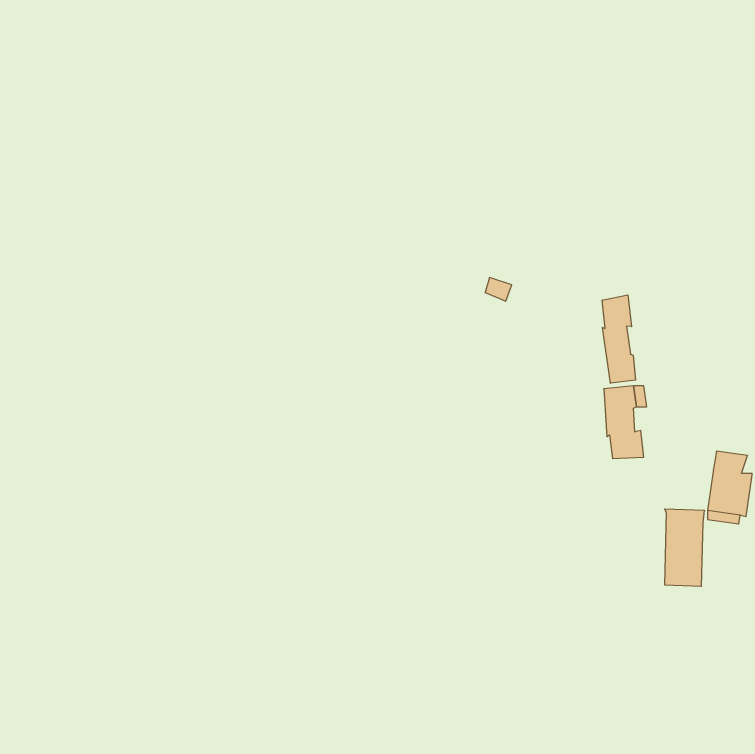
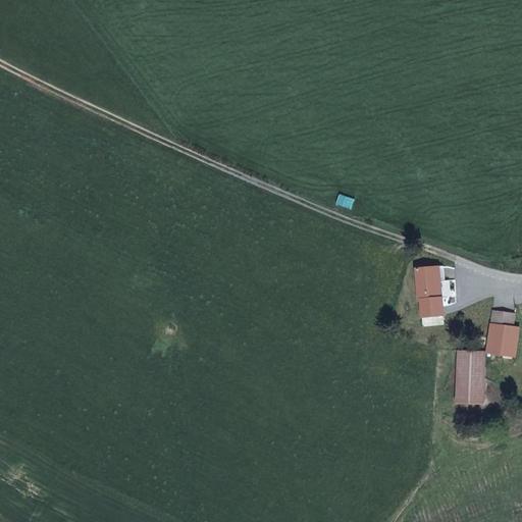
building: [602,295,635,383] -> none

